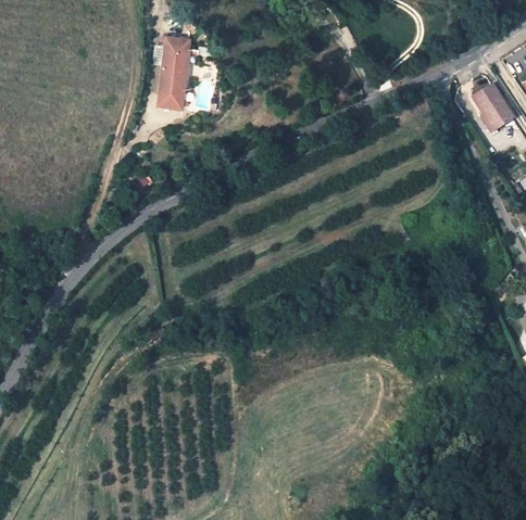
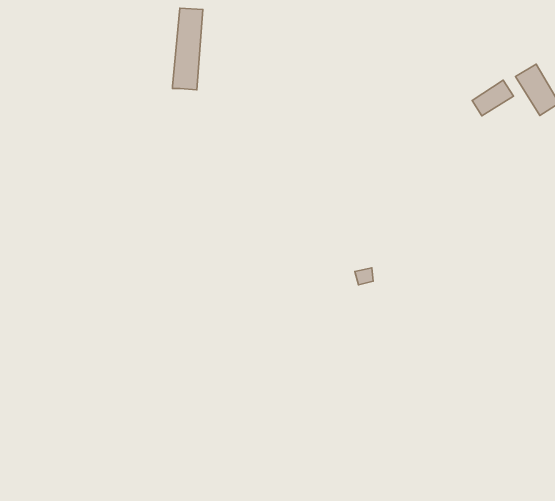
building: none -> [472,80,514,116]

